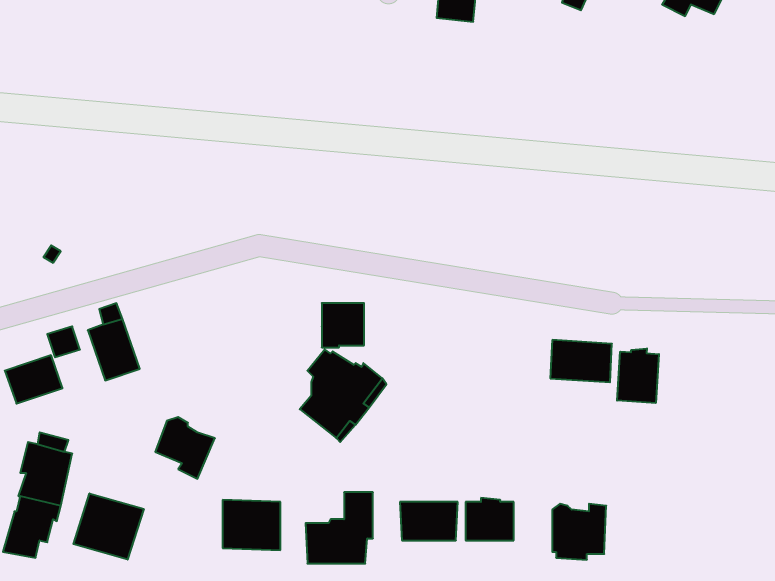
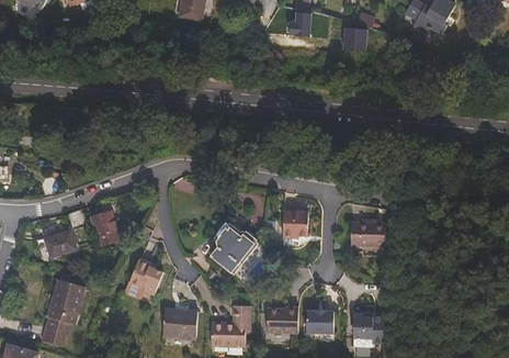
building: none -> [342,29,366,52]
building: [322,303,364,347] -> [283,214,307,239]
building: [617,348,659,403] -> none
building: [73,493,144,560] -> none

